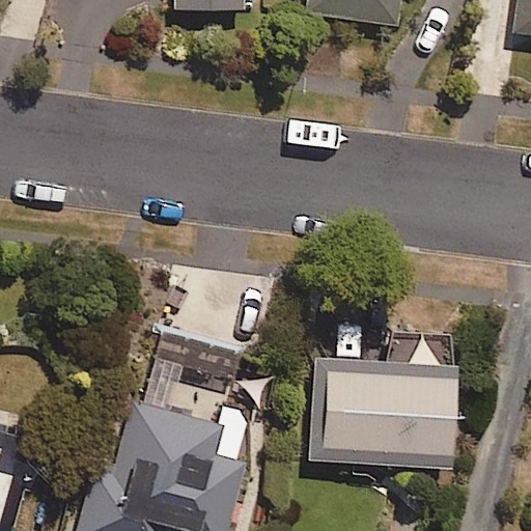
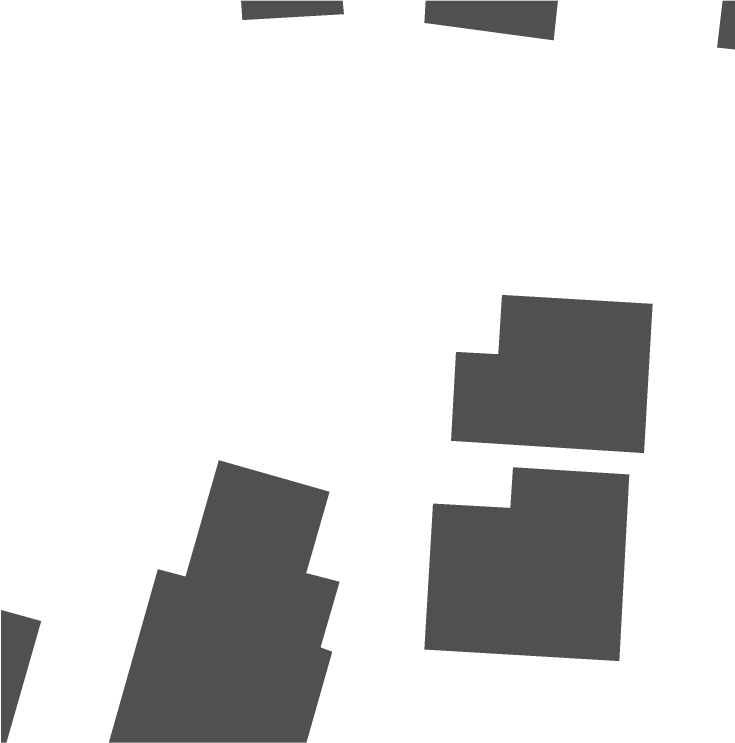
building: none -> [450,294,653,454]

